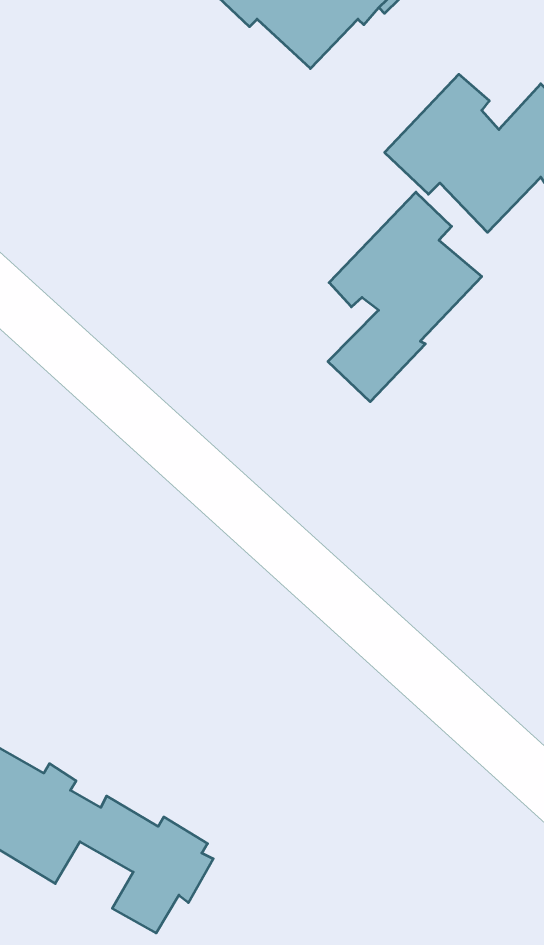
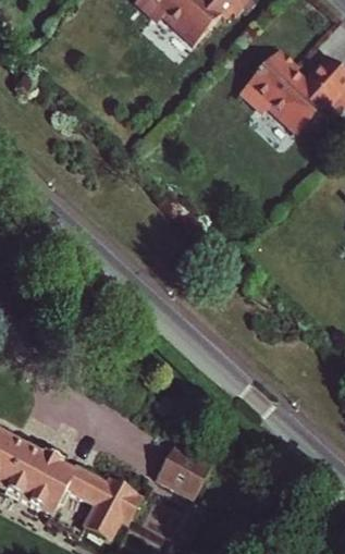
building: [328,192,482,402] -> none
building: none -> [152,448,210,503]

